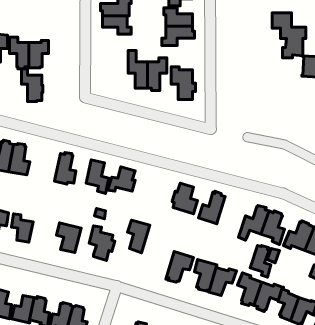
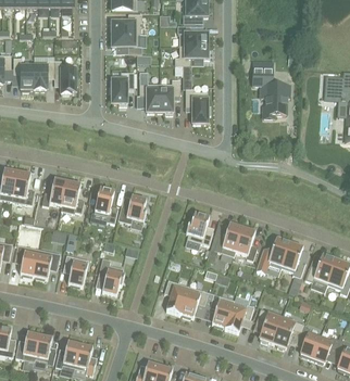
building: [272,13,306,58] -> [251,68,287,116]
building: none -> [109,72,133,104]
building: [21,69,43,102] -> [55,59,78,93]
building: none -> [40,176,66,205]
building: none -> [33,249,60,279]
building: [127,220,150,253] -> [163,279,187,314]
building: [250,245,271,277] -> [234,226,255,259]

